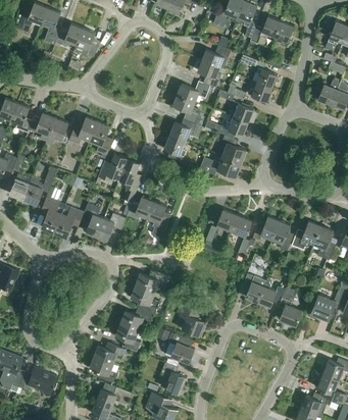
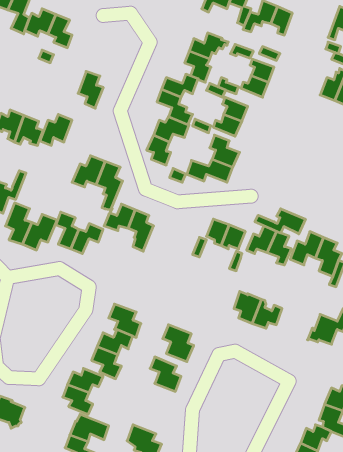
building: [91,121,113,154] -> [78,71,103,108]
building: none -> [255,209,305,234]
building: [136,268,169,292] -> none
building: [280,286,302,325] -> none
building: [161,362,186,393] -> none

